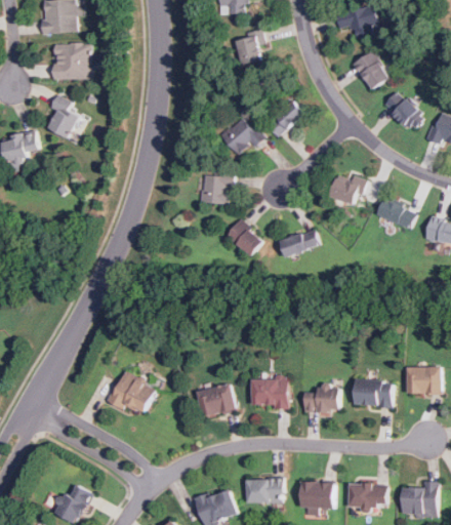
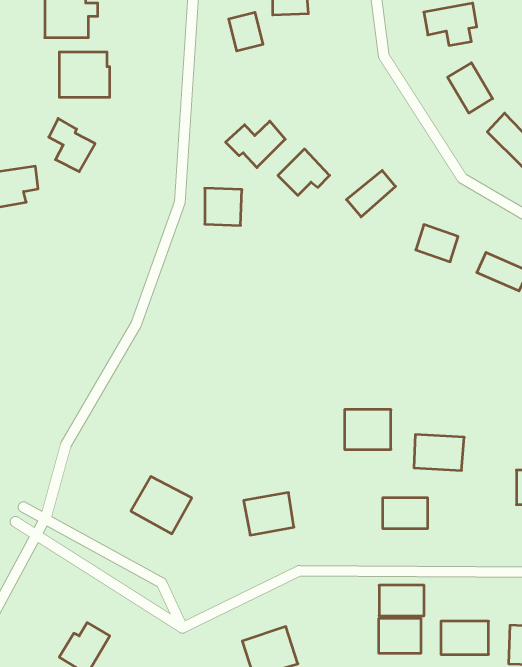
building: [236,34,262,64] -> [229,12,263,51]
building: none -> [226,121,285,168]
building: [265,100,303,136] -> [346,170,396,217]
building: [202,174,231,203] -> [205,188,242,225]
building: [227,220,262,255] -> none
building: [279,232,319,257] -> none
building: [251,377,287,408] -> [345,410,391,449]
building: [354,378,393,406] -> [414,435,464,470]
building: [246,479,281,502] -> [379,585,424,616]

